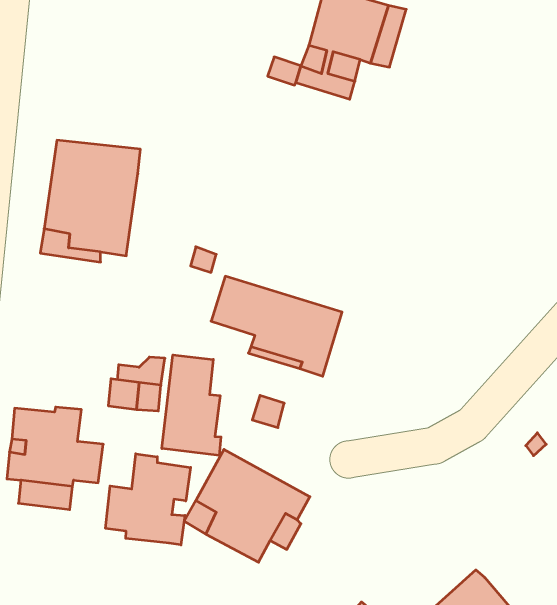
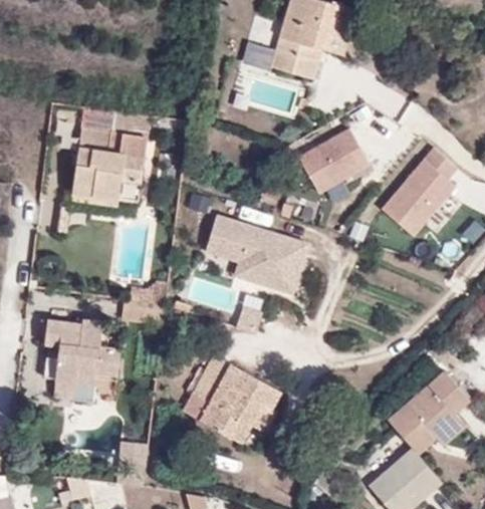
building: none -> [298,130,370,194]
building: none -> [381,150,456,237]
building: [162,355,221,456] -> none
building: [106,454,191,545] -> none
building: none -> [388,370,470,453]

